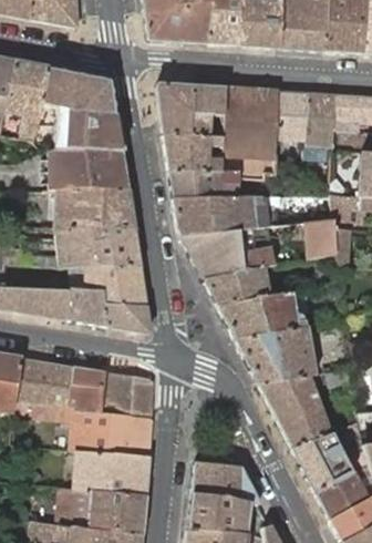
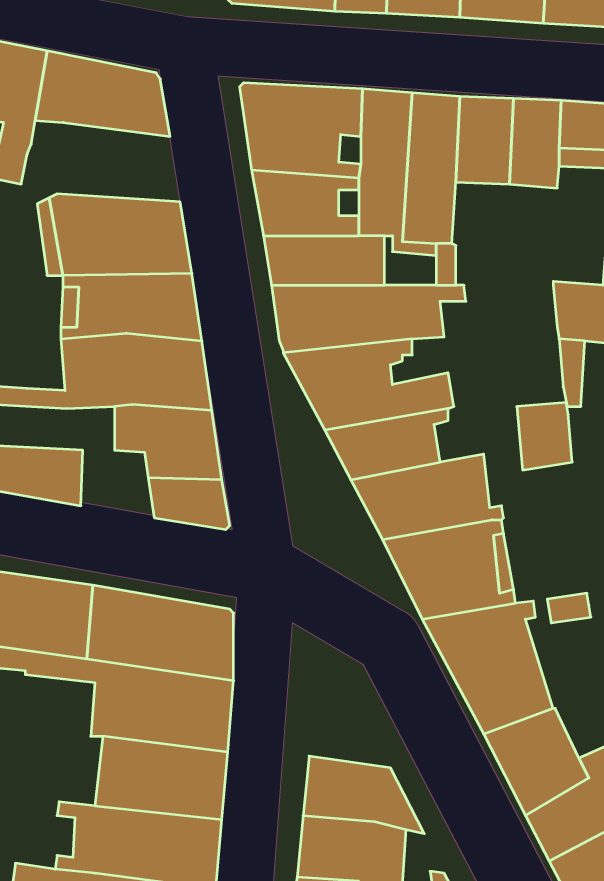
building: [41,105,124,151] -> none
building: [307,221,338,258] -> [517,403,572,470]
building: [69,289,110,327] -> none

